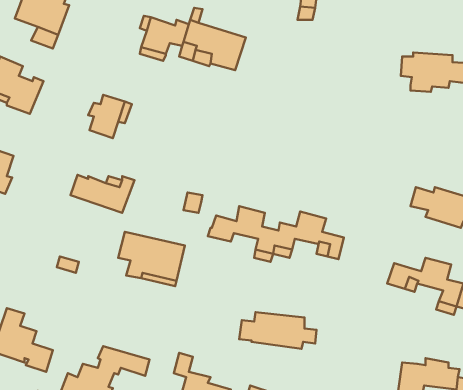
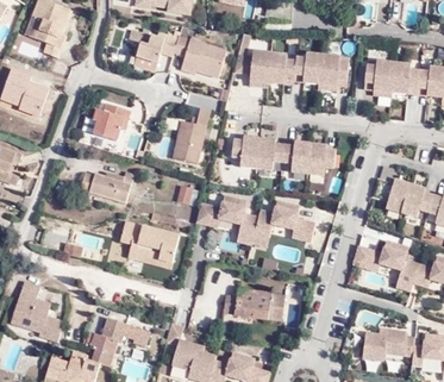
building: none -> [234,52,348,90]
building: none -> [173,107,212,163]
building: none -> [230,138,334,174]

